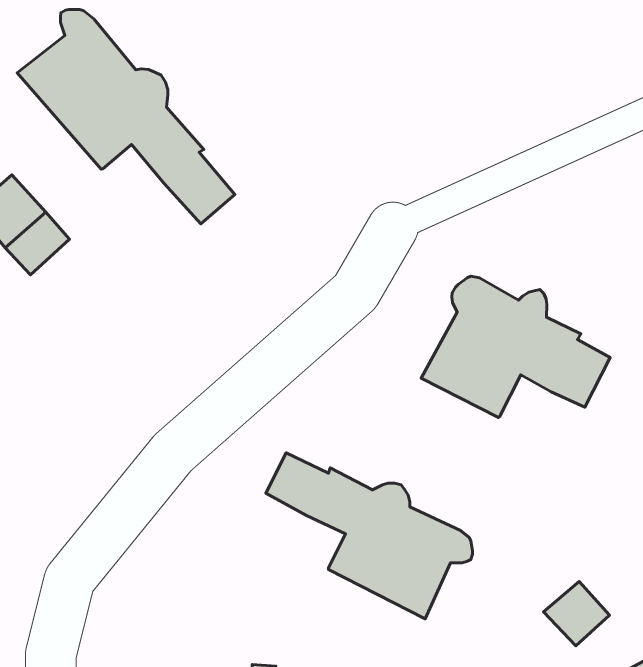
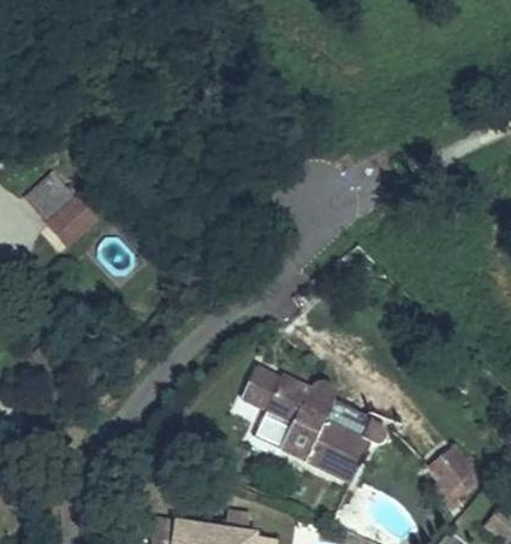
building: [17,9,235,224] -> none
building: [421,276,610,417] -> none

